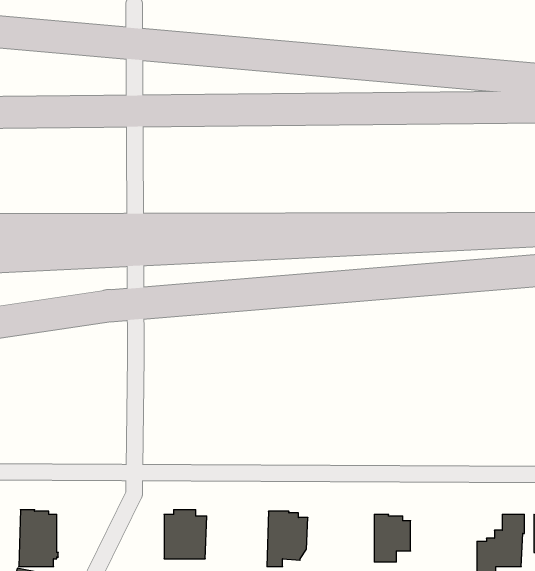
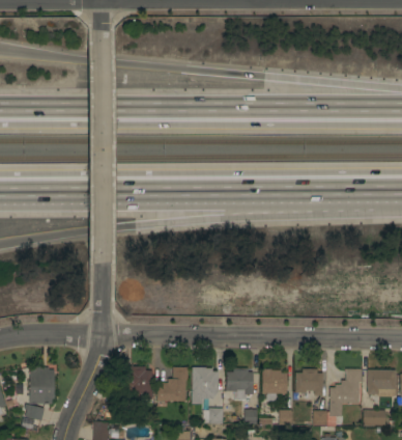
building: none -> [157,367,188,402]
building: none -> [226,368,253,400]
building: none -> [295,368,322,395]

